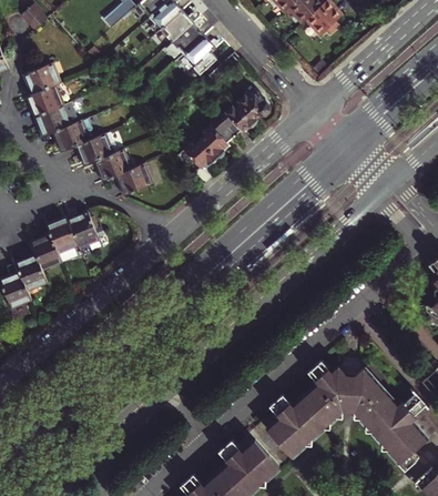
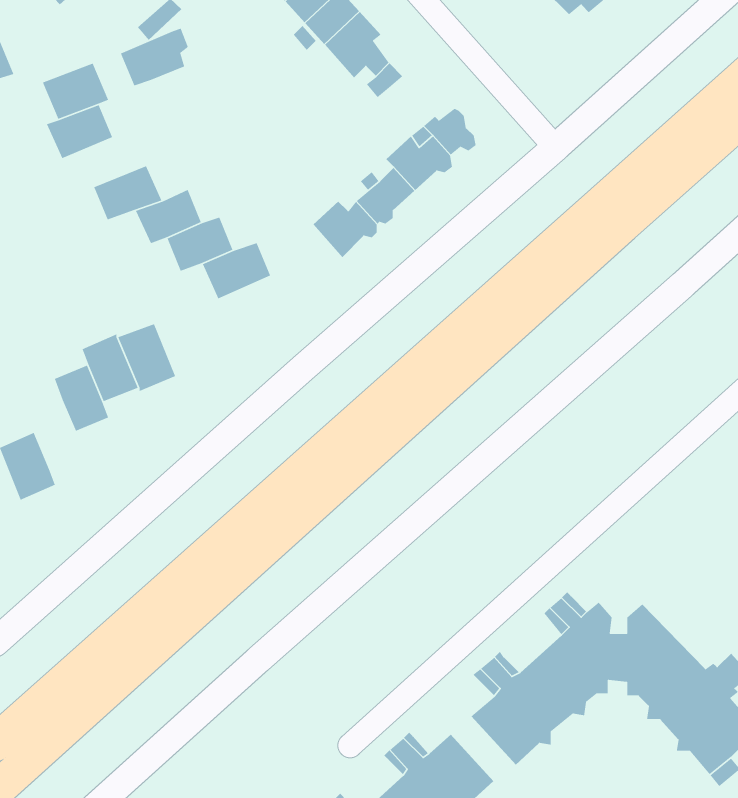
building: [35,103,74,136] -> [120,27,189,87]
building: [16,253,49,292] -> none

